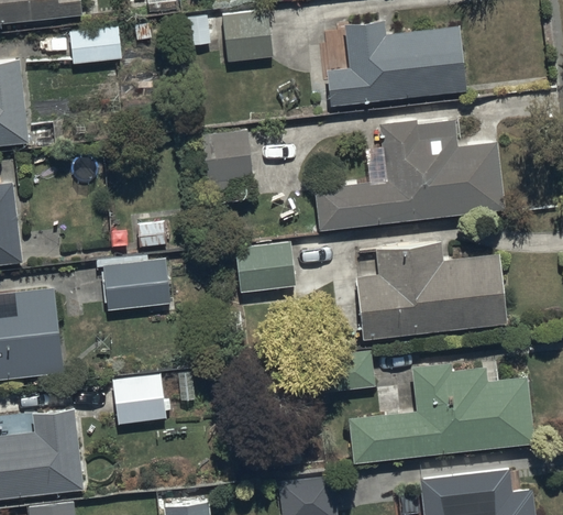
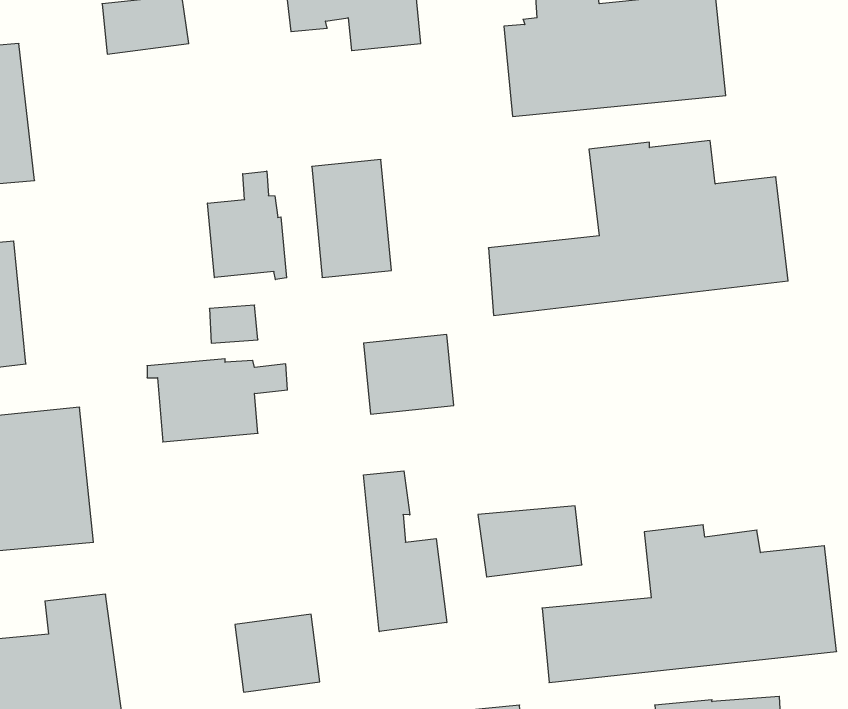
building: none -> [208,171,287,280]
building: [355,241,506,339] -> none
building: none -> [364,471,447,632]
building: [111,375,165,425] -> [235,614,320,692]

